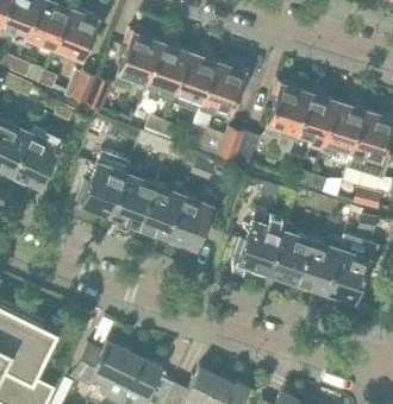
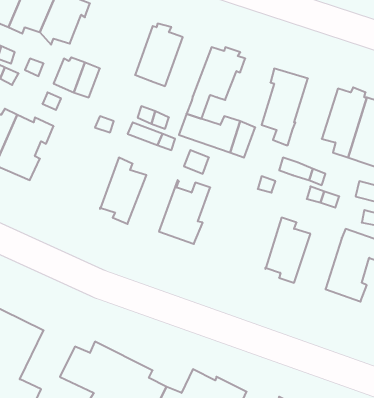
building: [113,30,161,95] -> none
building: [173,53,217,114] -> none
building: [295,89,337,150] -> none
building: [77,152,129,216] -> none
building: [137,184,185,238] -> none
building: [233,210,283,273] -> none
building: [295,239,341,292] -> none

